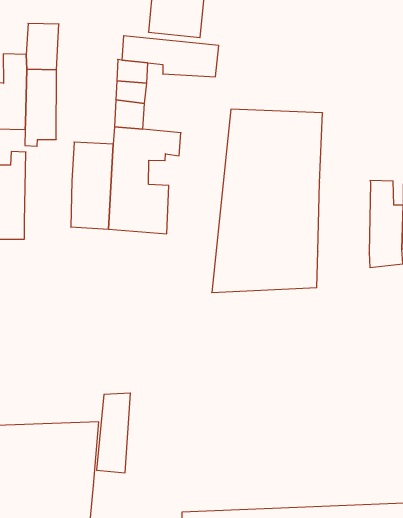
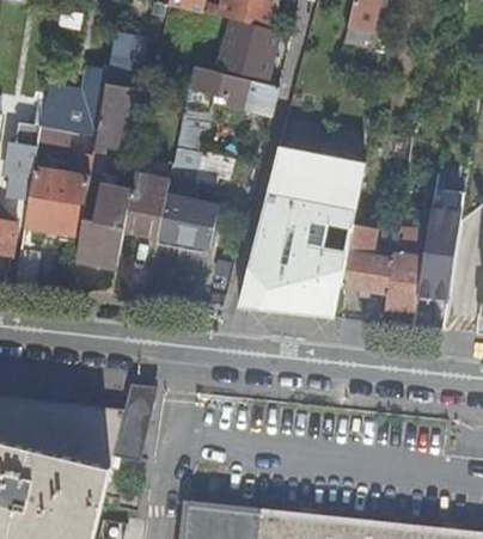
building: none -> [75,185,130,269]
building: none -> [341,225,397,294]

